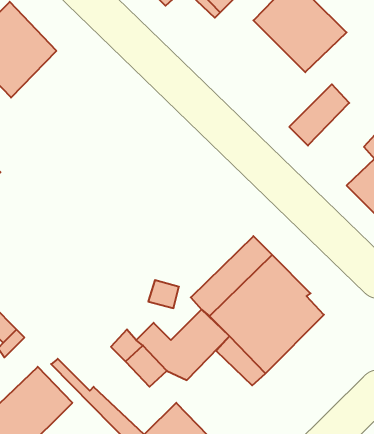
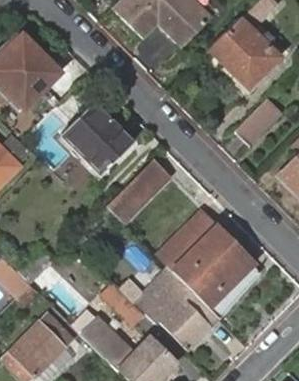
building: none -> [61,104,143,185]
building: none -> [107,161,168,221]
building: none -> [157,299,206,348]

